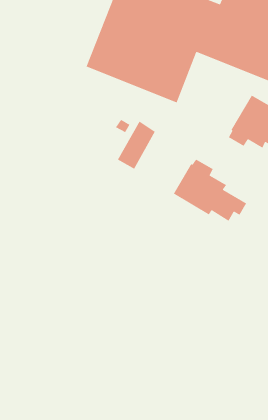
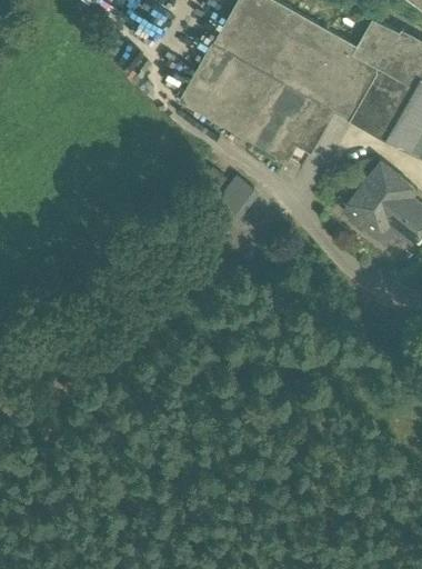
building: [173,158,247,222] -> none

